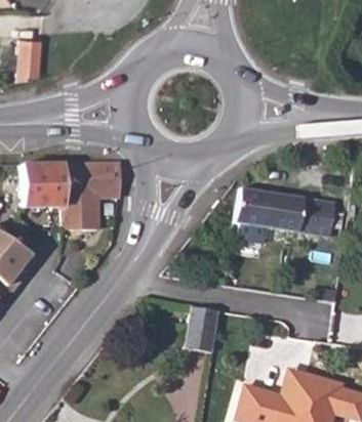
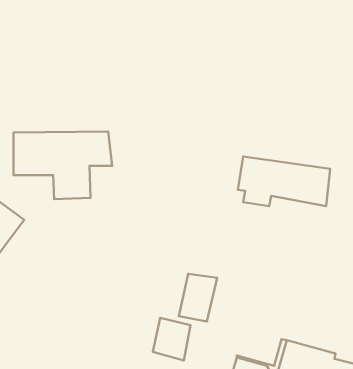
building: [17,41,41,82] -> none
building: none -> [153,318,191,361]

